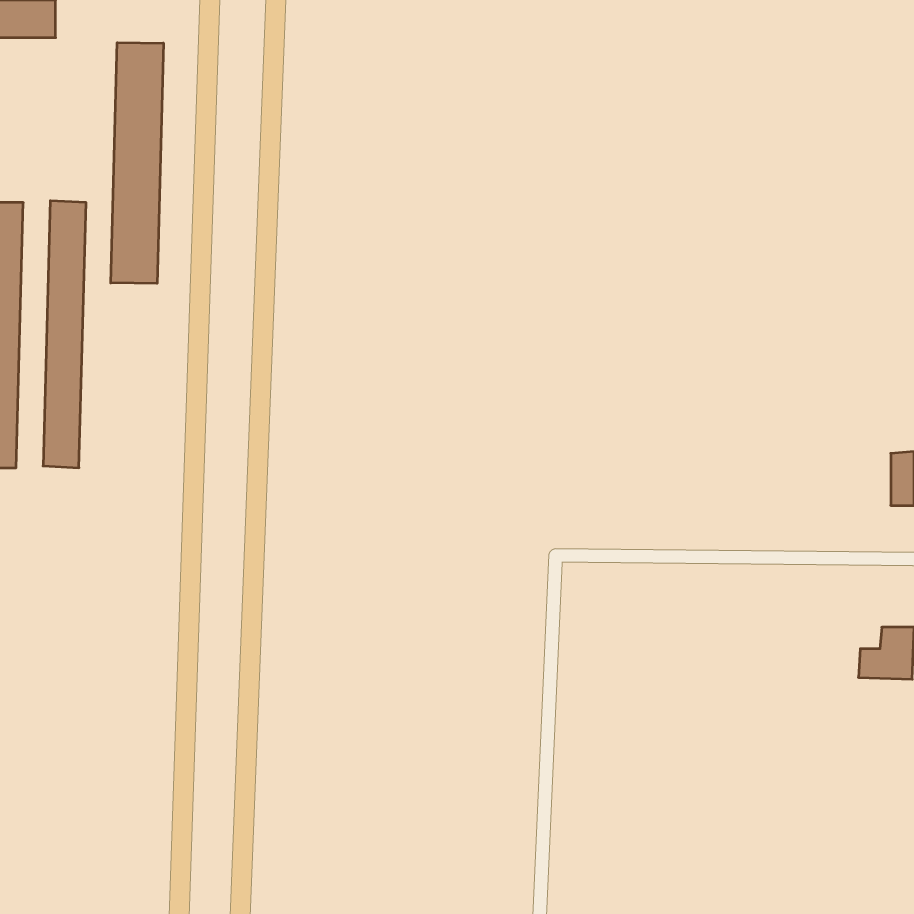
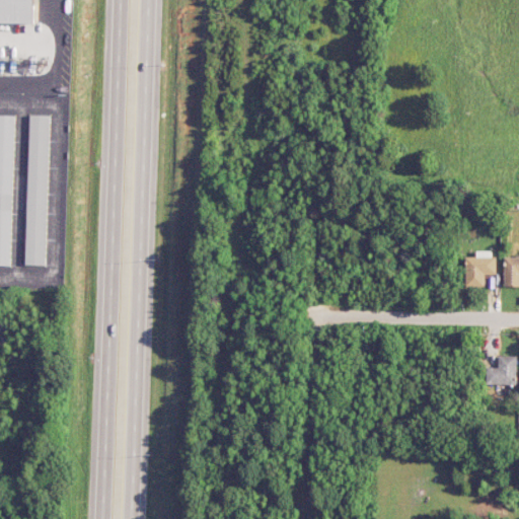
building: [111,43,163,283] -> none
building: none -> [465,251,495,287]

